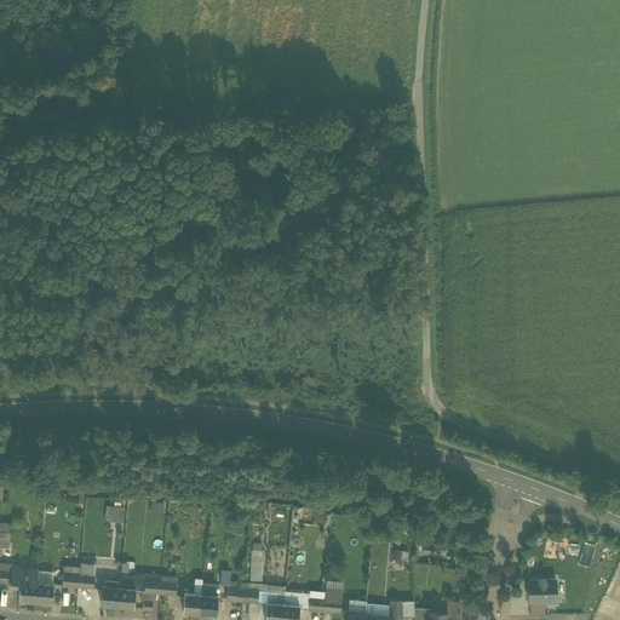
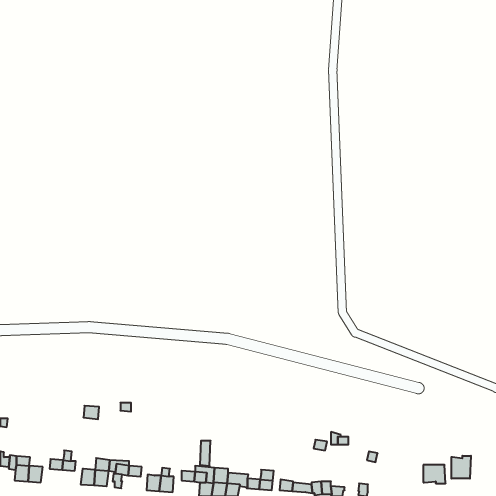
building: none -> [451,456,471,479]

